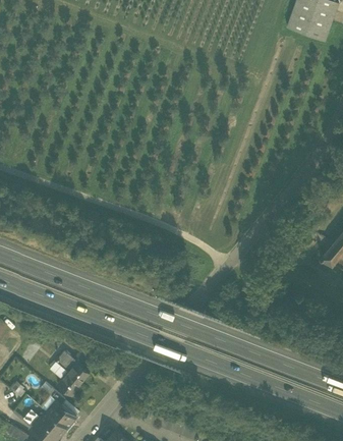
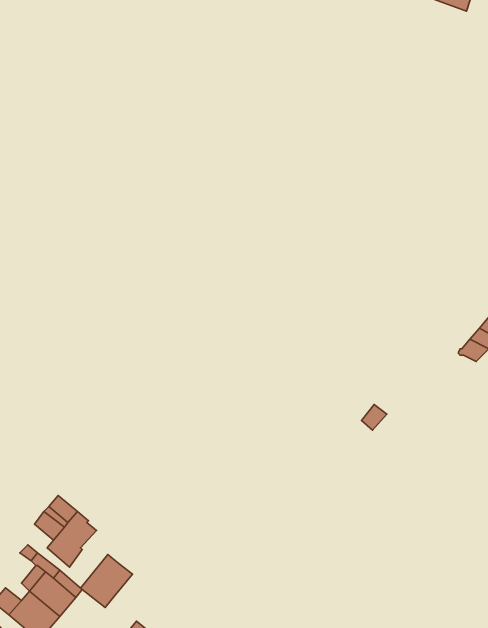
building: none -> [81,555,133,608]

